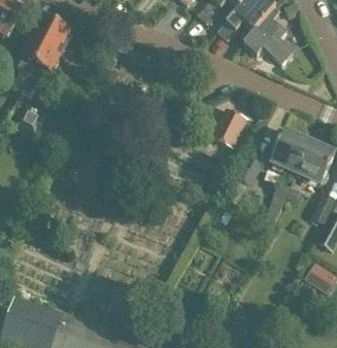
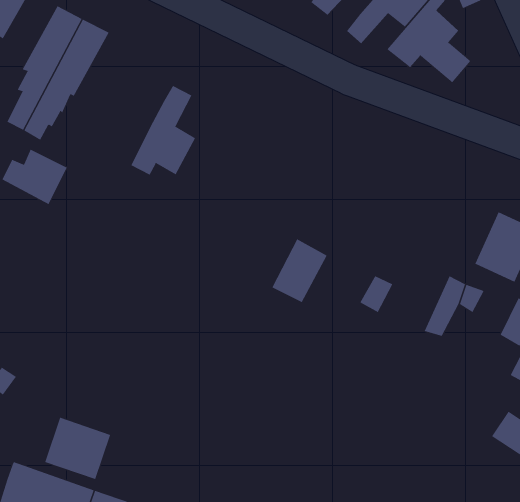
building: none -> [131,85,196,176]
building: [213,107,247,146] -> [272,239,327,303]
building: [270,130,310,173] -> none
building: none -> [45,417,111,480]

